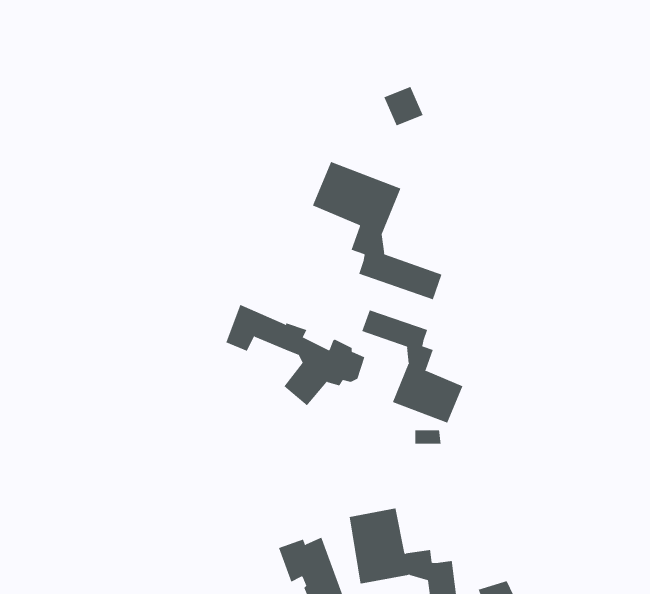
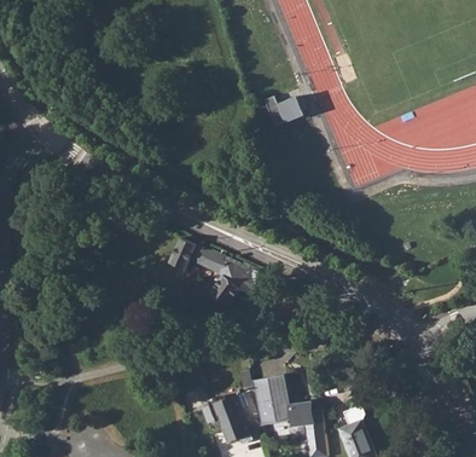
building: [312,161,442,300] -> none
building: [362,309,463,424] -> none

